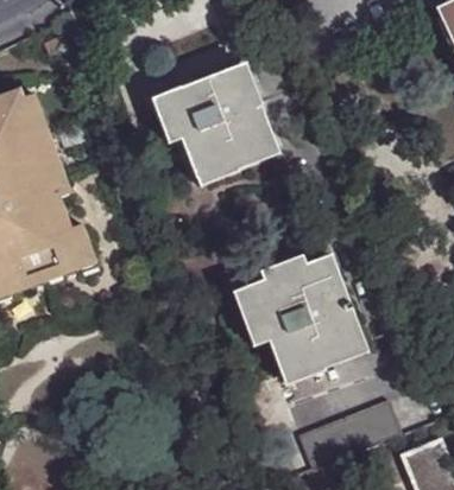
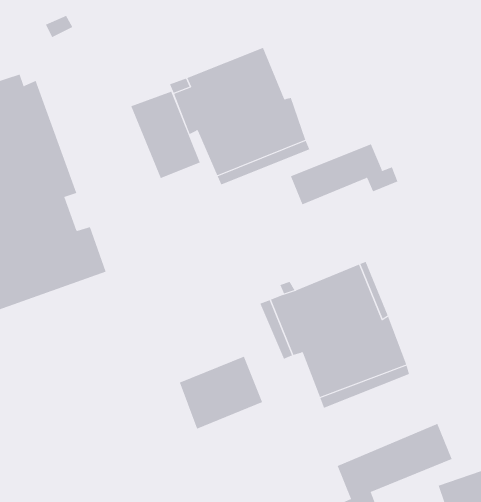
building: none -> [130,91,200,179]
building: none -> [290,143,398,205]
building: none -> [179,356,263,430]

